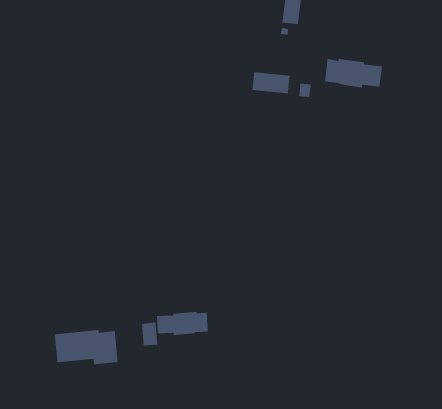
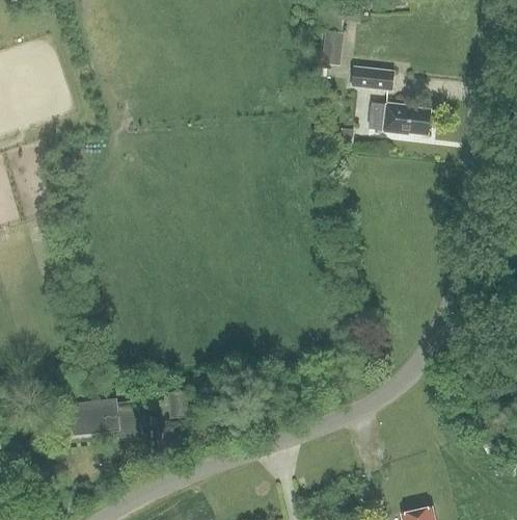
building: [252,71,291,94] -> [350,66,392,90]
building: [156,311,209,336] -> none

